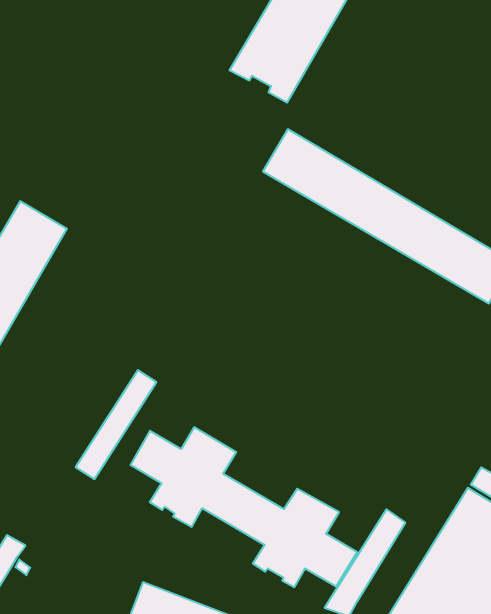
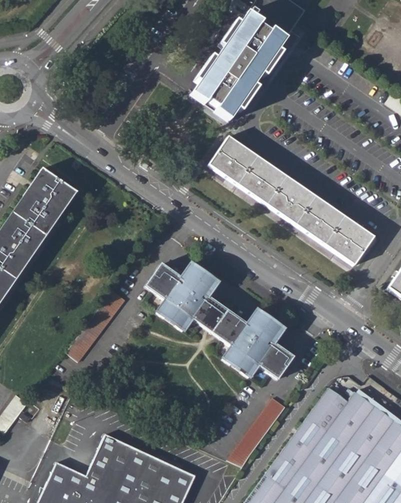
building: [130,427,357,587] -> [146,265,294,380]

